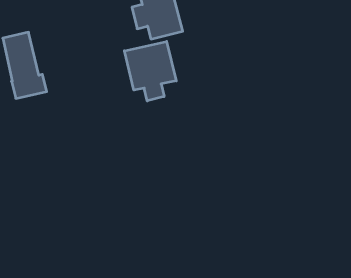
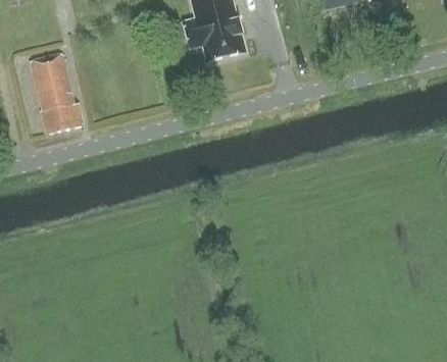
building: [124,41,176,101] -> none

